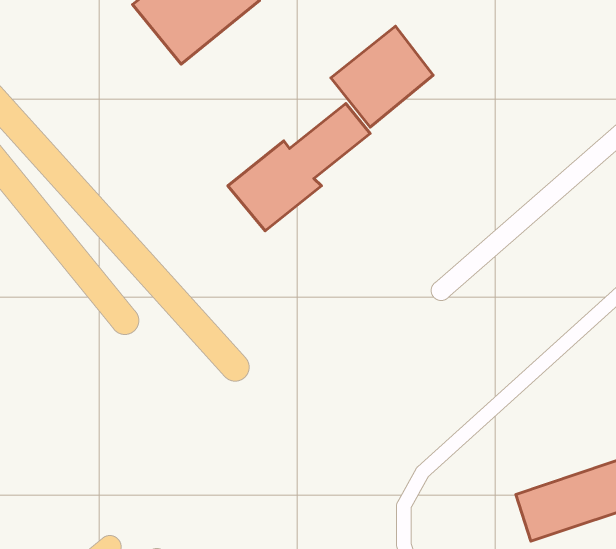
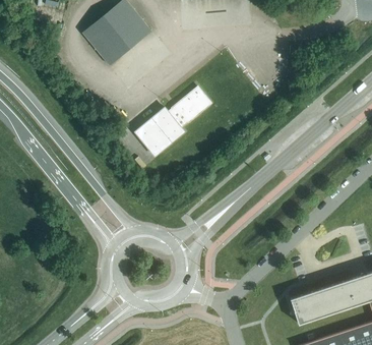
building: [331,26,433,127] -> none

